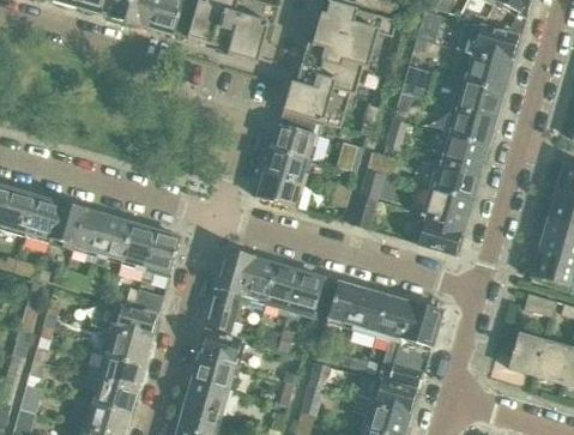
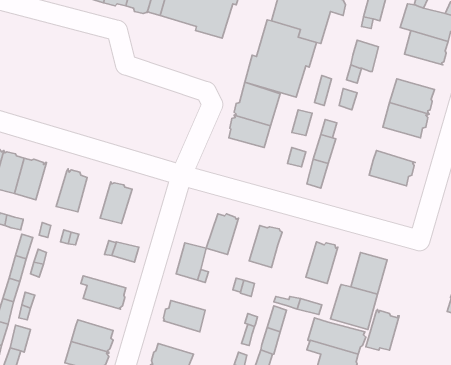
building: [453,79,504,119] -> none
building: [430,161,479,200] -> none
building: [258,173,304,209] -> none
building: [49,200,84,249] -> none
building: [413,215,464,254] -> none
building: [96,217,133,262] -> none
building: [145,230,181,276] -> none
building: [216,248,253,296] -> none
building: [264,262,300,310] -> none
building: [327,282,363,328] -> none
building: [375,294,412,339] -> [366,309,399,350]
building: [92,300,157,340] -> none
building: [200,330,246,365] -> none
building: [87,352,144,388] -> none
building: [186,377,232,415] -> none

